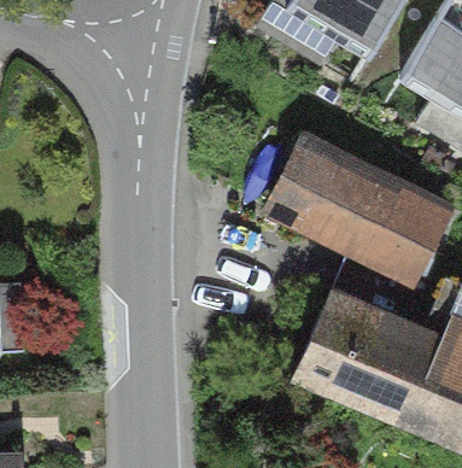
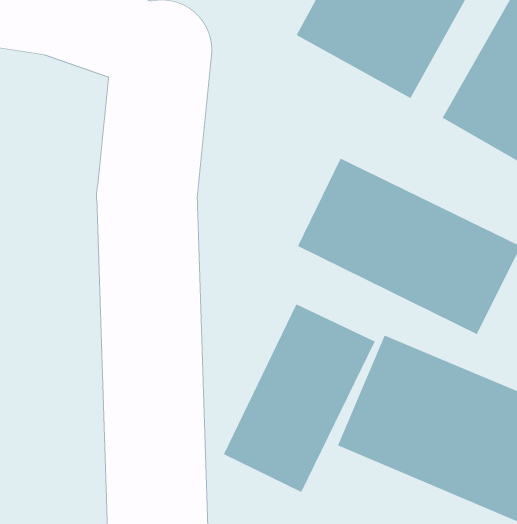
building: none -> [223,303,376,493]

